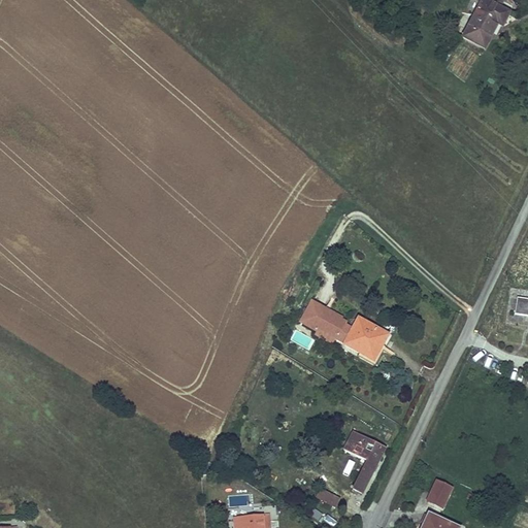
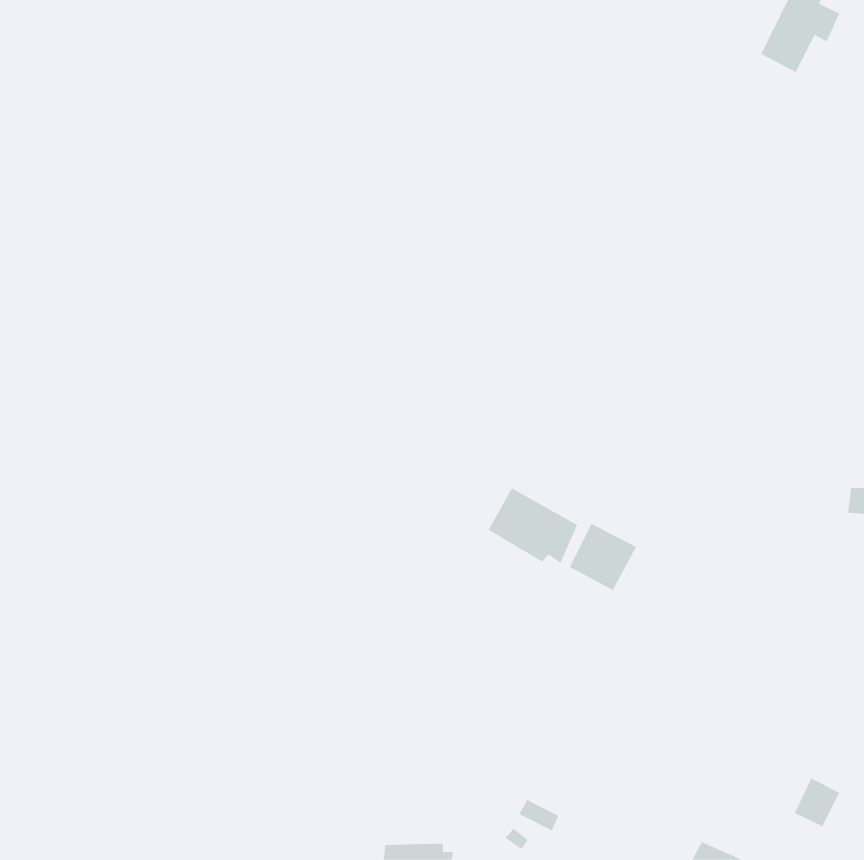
building: [344,431,386,494] -> none
building: [426,478,454,508] -> [794,778,840,827]

